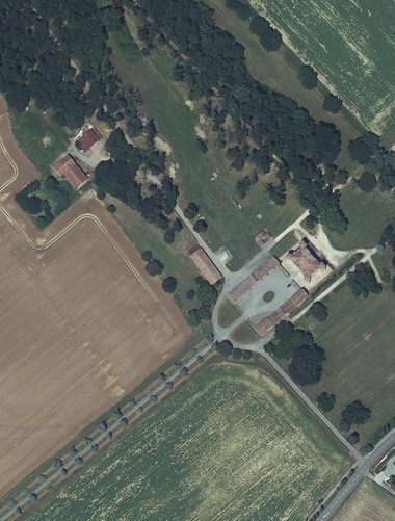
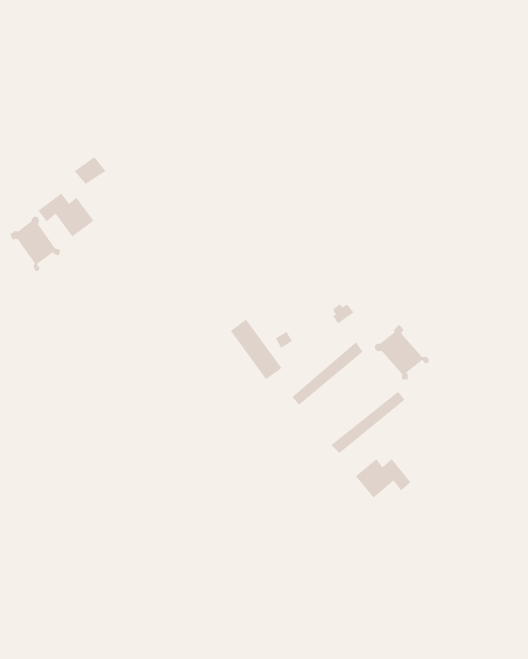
building: none -> [9,215,61,272]
building: none -> [355,458,412,498]

